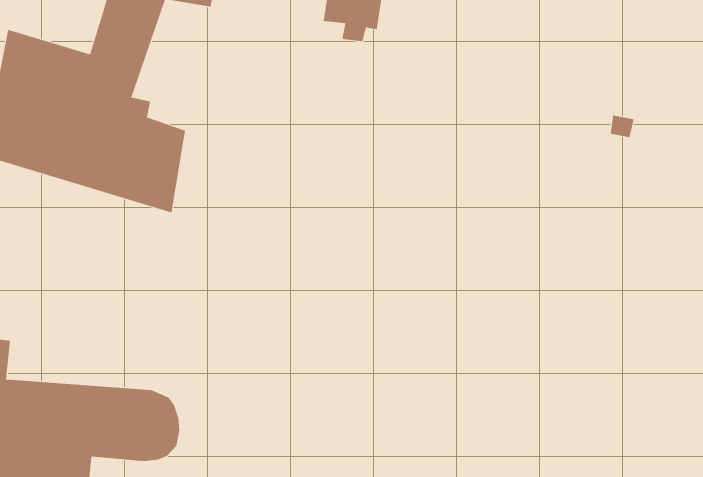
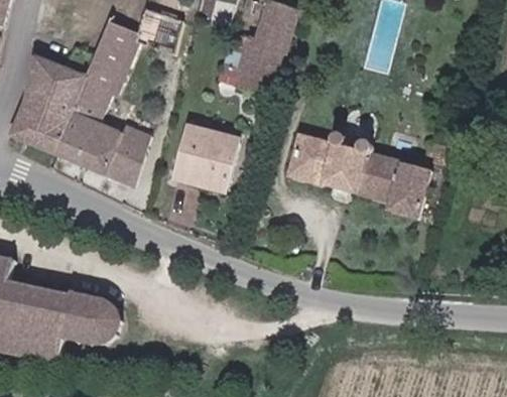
building: none -> [287,135,431,215]
building: none -> [174,127,238,192]

